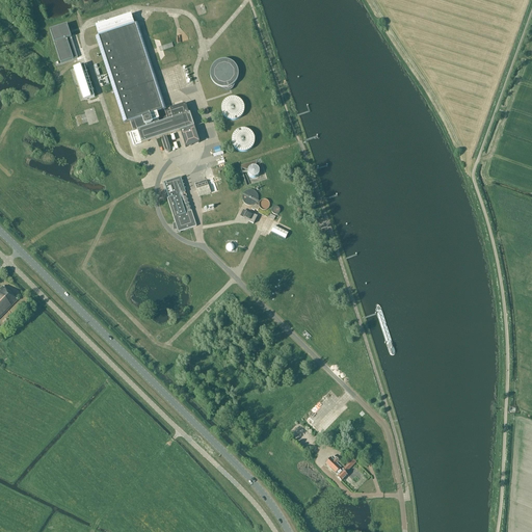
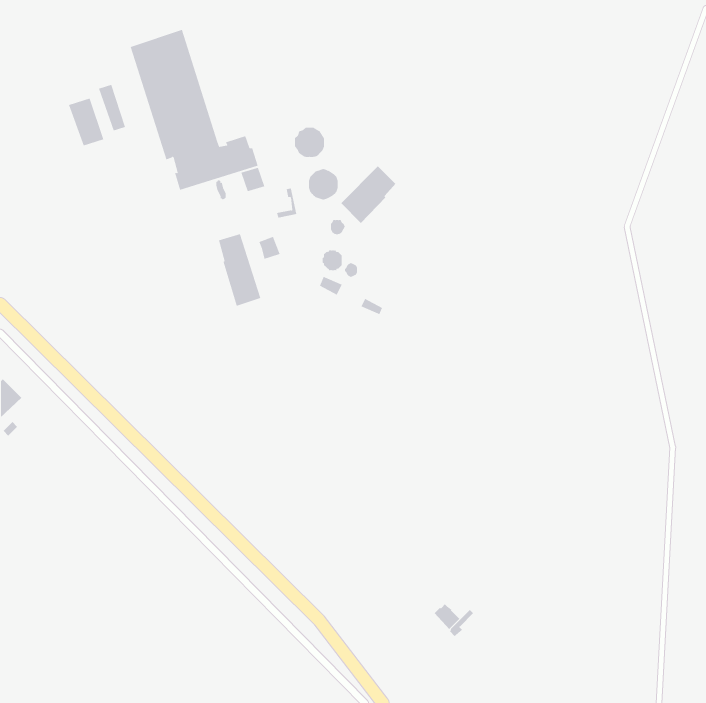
building: [50,24,77,60] -> [68,98,104,146]
building: none -> [341,166,396,224]

